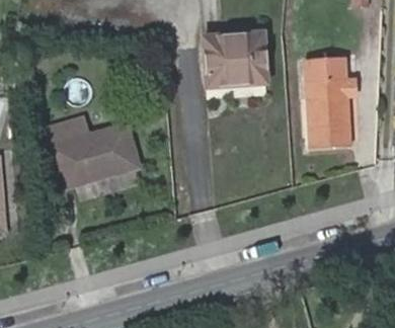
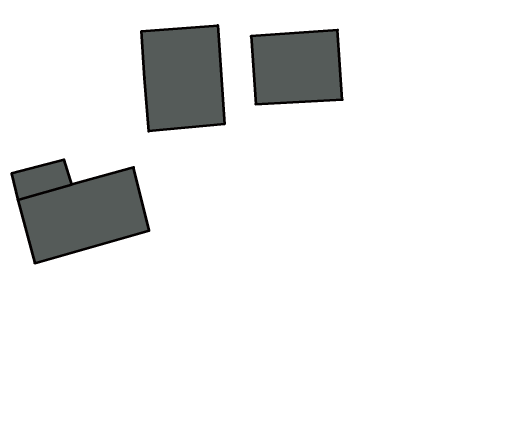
building: none -> [142,25,224,131]
building: [307,60,354,145] -> none

